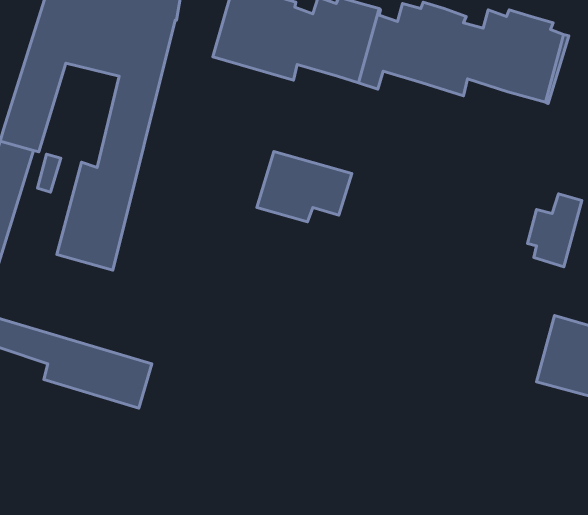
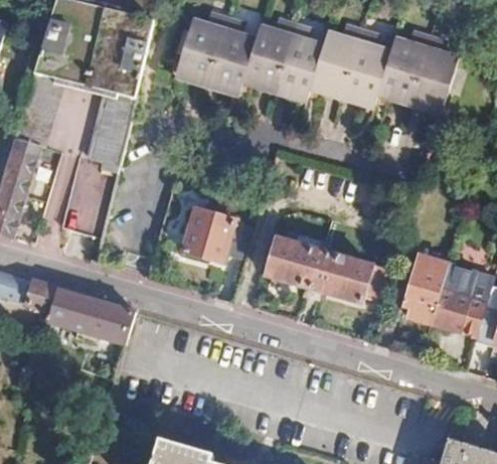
building: [257,151,352,222] -> [181,208,255,263]
building: [527,194,582,267] -> [401,267,444,323]
building: none -> [265,238,383,304]

